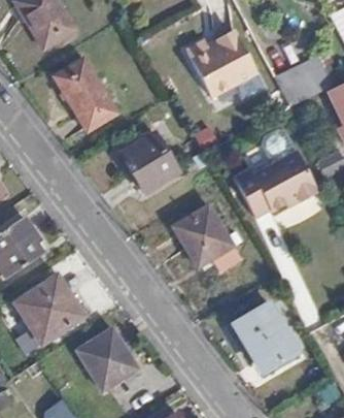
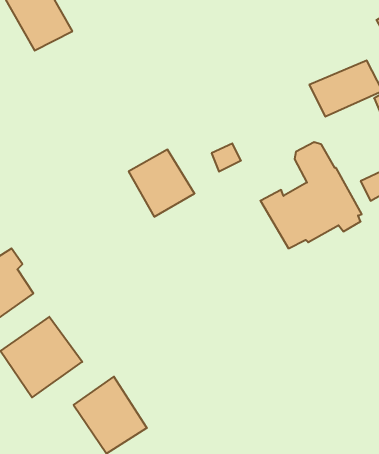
building: [191,34,256,97] -> none
building: [54,57,117,129] -> none
building: [172,205,239,270] -> none
building: [234,303,298,375] -> none

